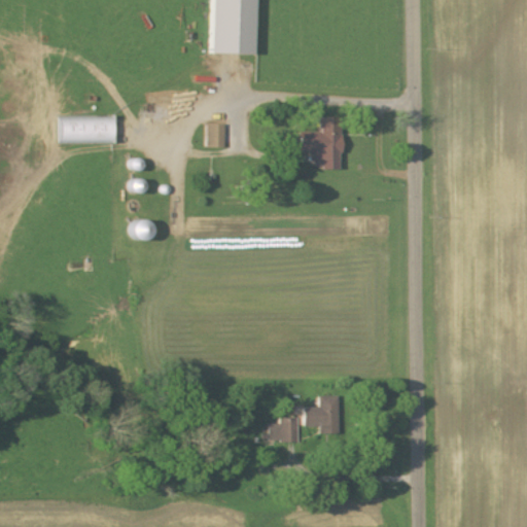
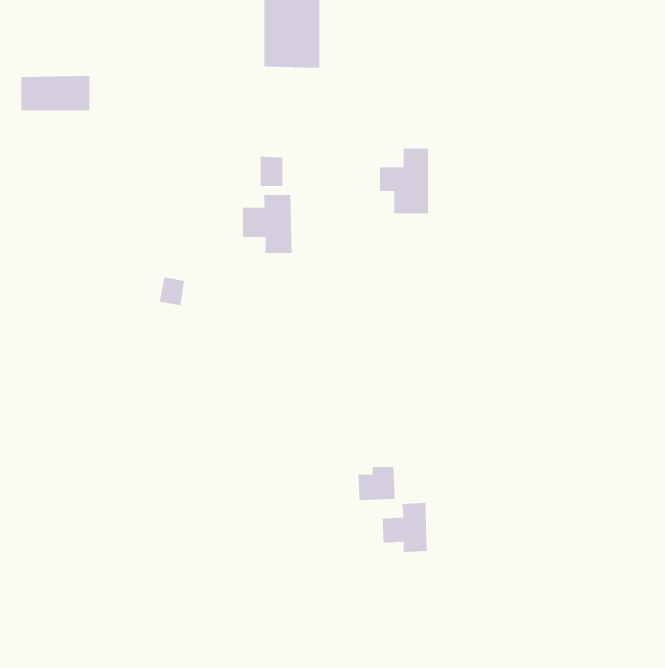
building: [60,115,114,143] -> [21,75,90,111]
building: none -> [242,194,292,254]
building: [271,417,301,444] -> [358,466,396,500]

